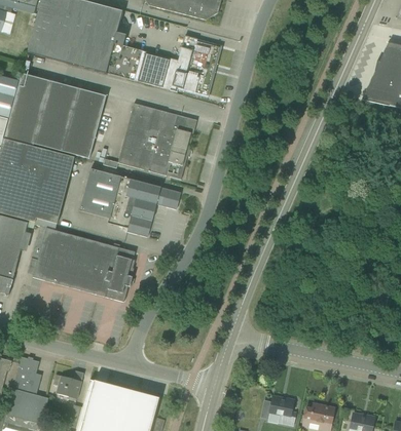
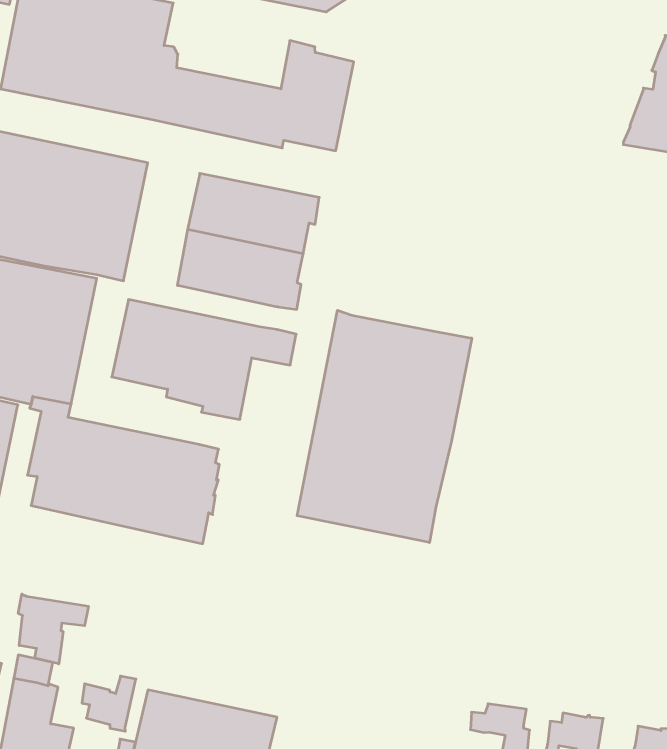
building: none -> [297,310,472,543]
building: none -> [18,594,88,664]

